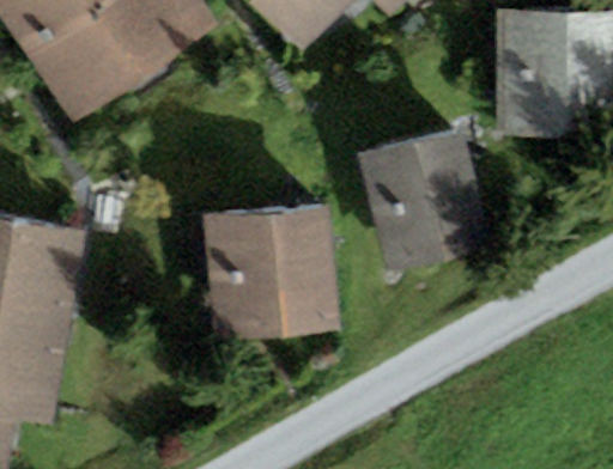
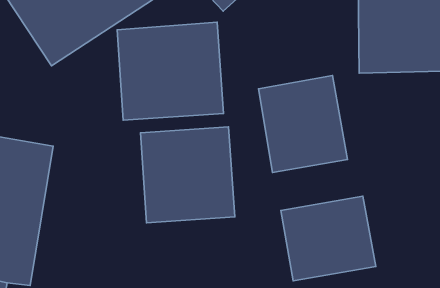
building: none -> [117,22,223,120]
building: none -> [281,196,376,281]

